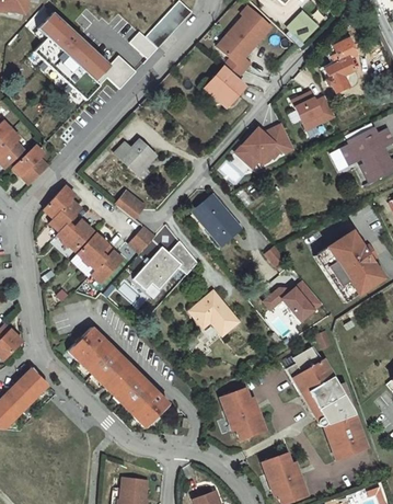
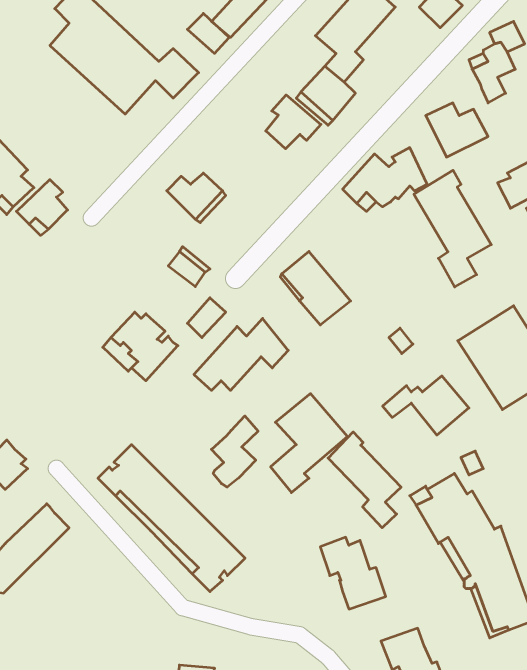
building: none -> [266,95,321,149]
building: none -> [414,170,491,287]
building: [43,185,90,251] -> none
building: none -> [211,416,258,487]
building: none -> [328,432,401,528]

